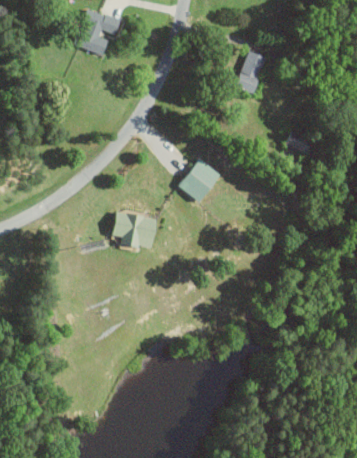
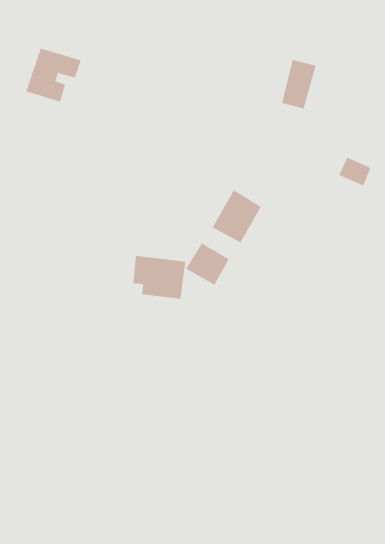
building: [75,10,121,55] -> [26,48,82,103]
building: none -> [186,242,229,286]

